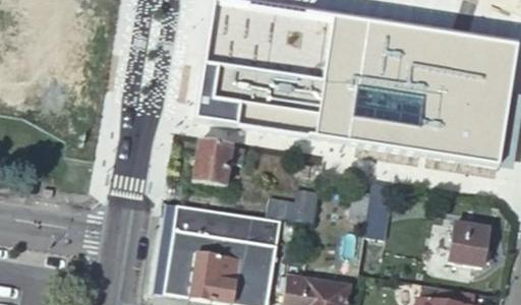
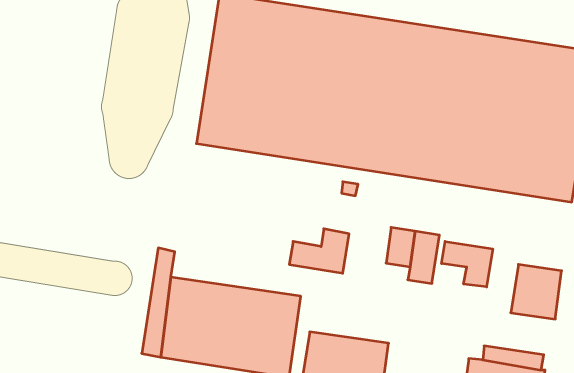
building: [196,142,249,186] -> none
building: none -> [442,241,493,287]
building: [177,207,284,243] -> none

